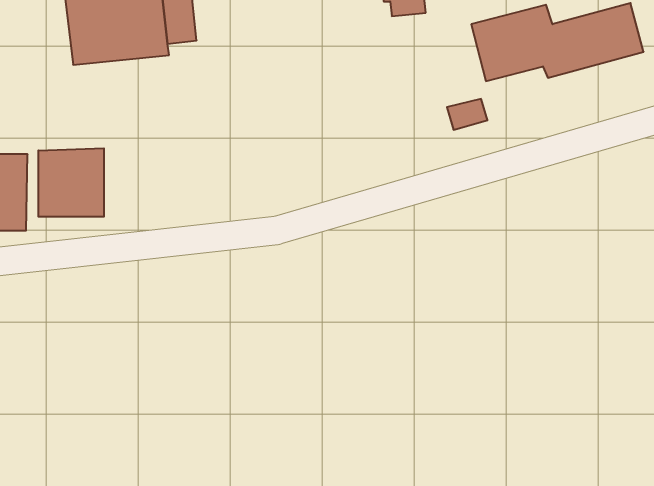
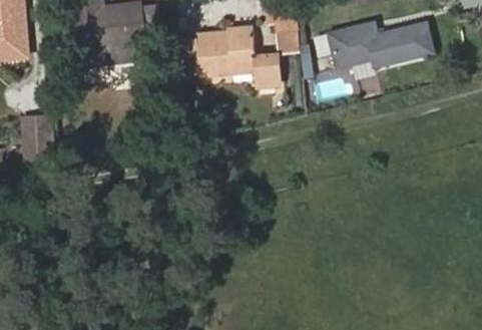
building: none -> [196,31,278,87]
building: [38,148,104,217] -> none

